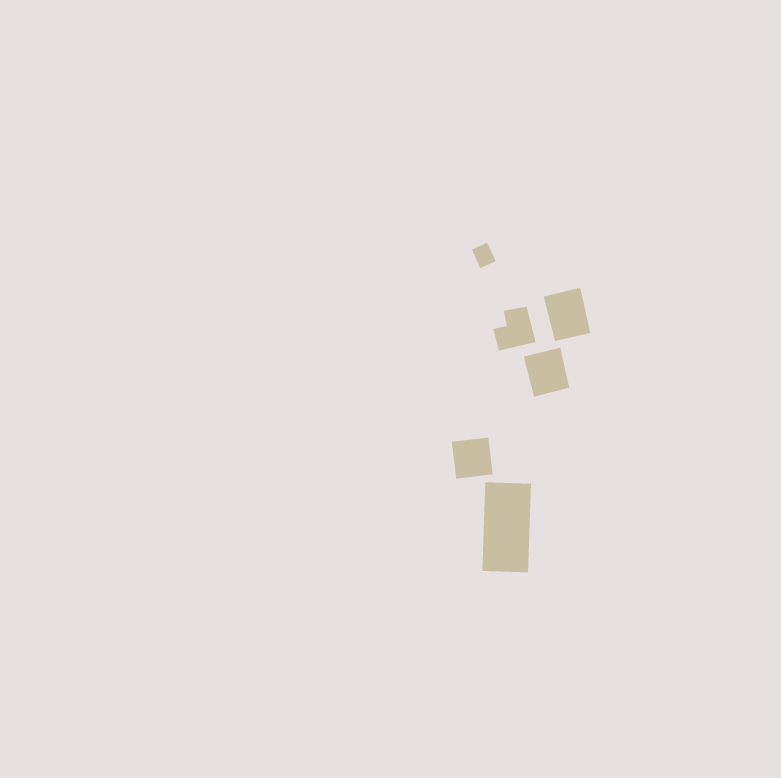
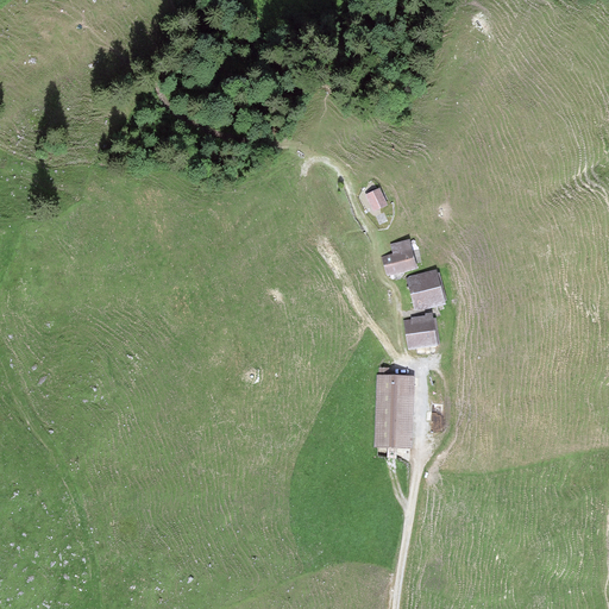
building: [543,287,591,342] -> none
building: [451,437,494,480] -> [404,316,438,350]

